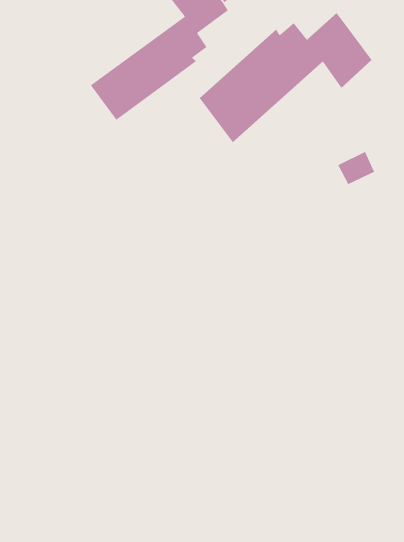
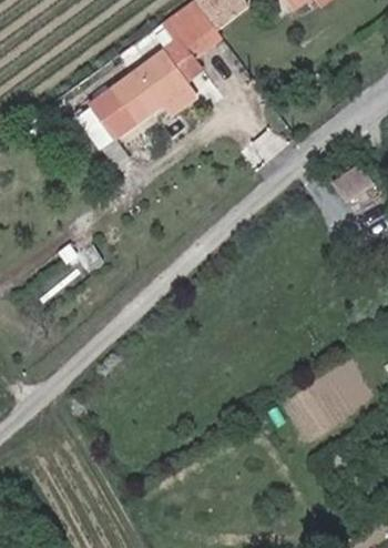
building: [199,12,372,143] -> none

